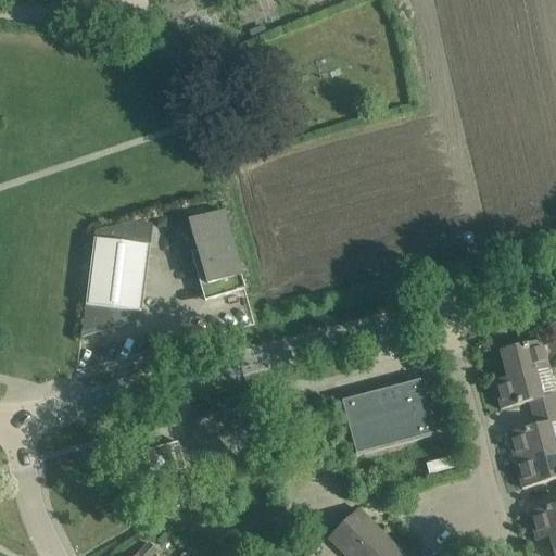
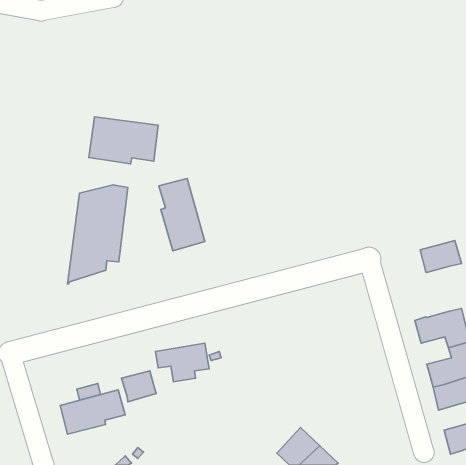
building: none -> [89,117,158,164]
building: [501,339,549,377] -> [420,241,461,273]
building: [340,377,437,455] -> none
building: none -> [60,390,125,434]

